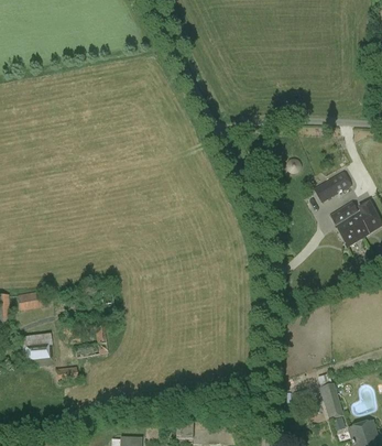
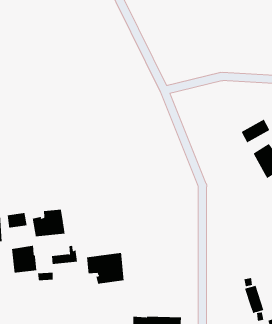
building: none -> [32,209,65,237]
building: none -> [87,252,124,285]

